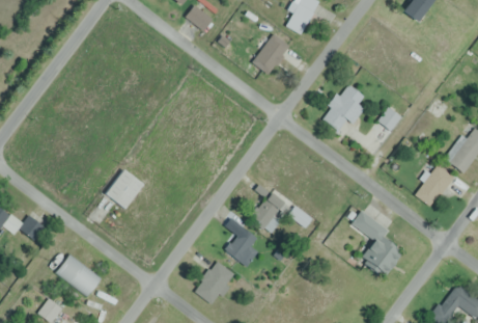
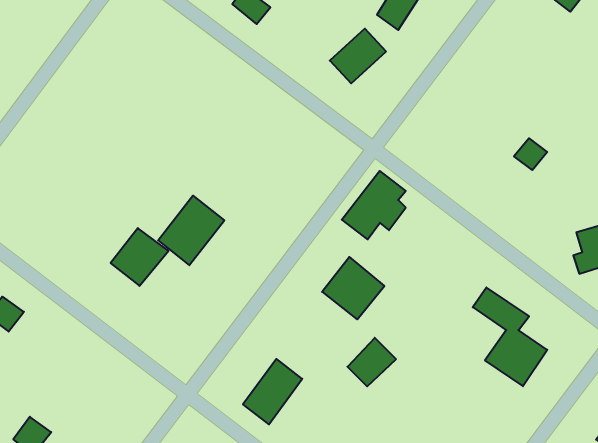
building: [321,84,365,131] -> [342,171,406,239]
building: none -> [158,196,224,265]
building: [226,226,259,260] -> [347,338,396,386]
building: [56,253,101,296] -> none

